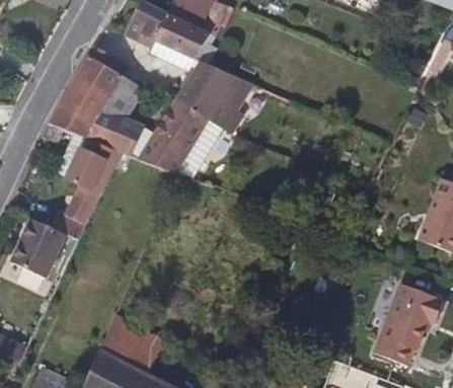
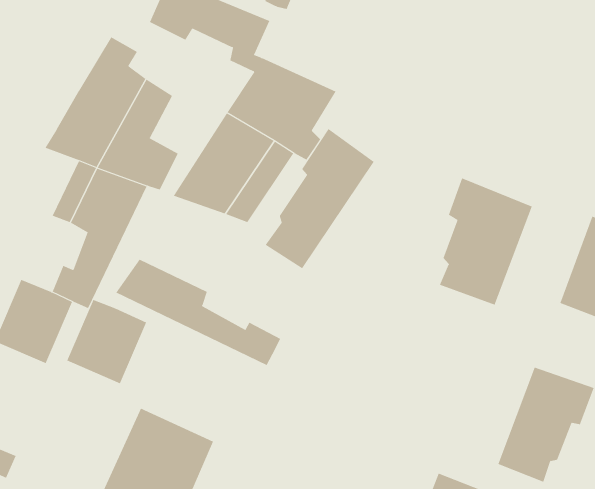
building: none -> [265,128,374,269]
building: none -> [439,178,533,305]
building: none -> [115,259,281,366]
building: none -> [66,299,147,384]

